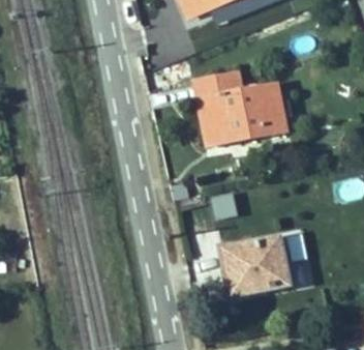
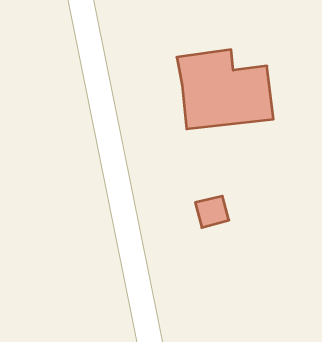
building: [220,229,286,288] -> none

